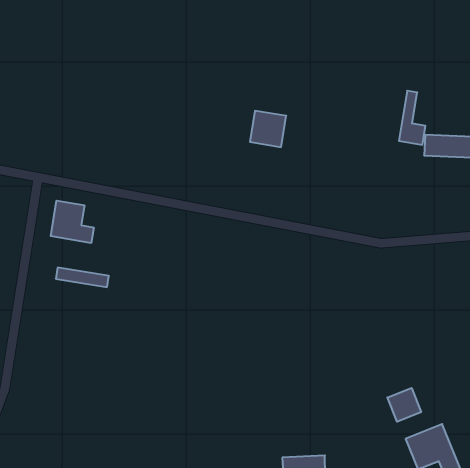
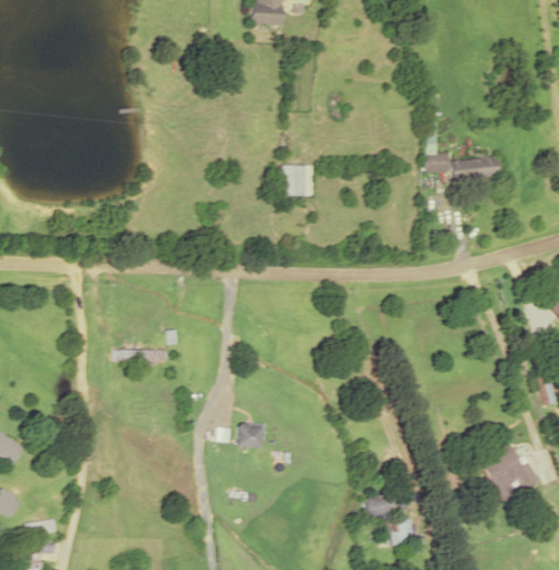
building: [51,201,94,243] -> none
building: none -> [236,425,259,448]
building: [387,388,421,422] -> none

